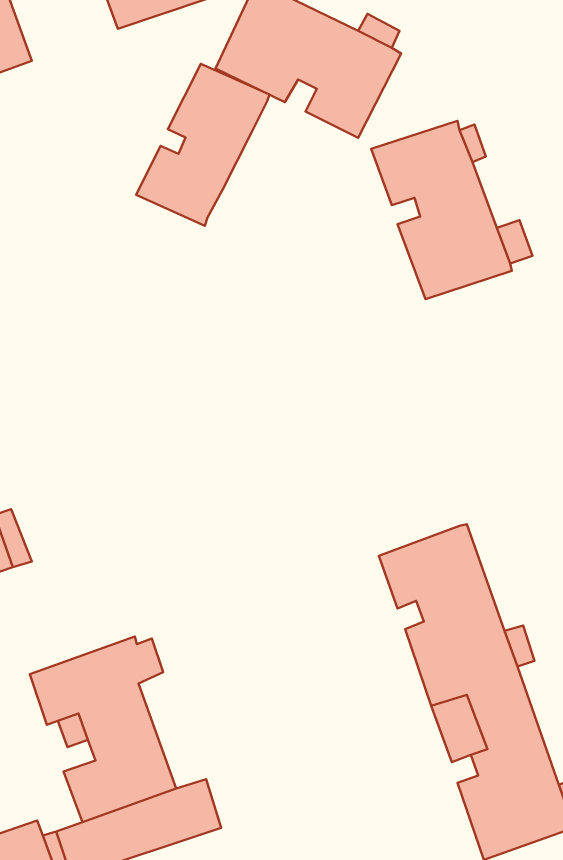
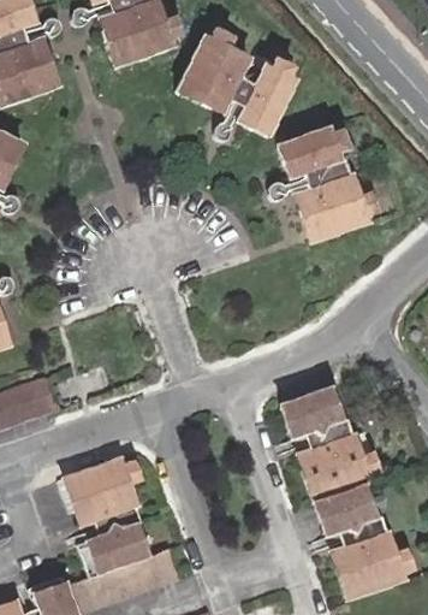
building: [136,64,270,226] -> none

